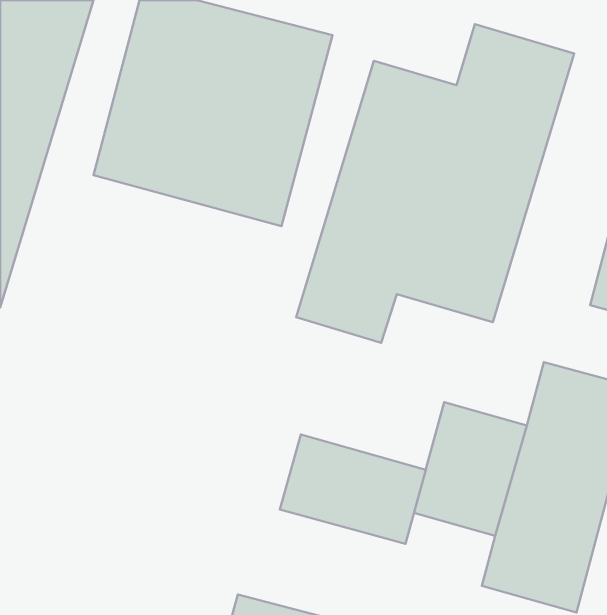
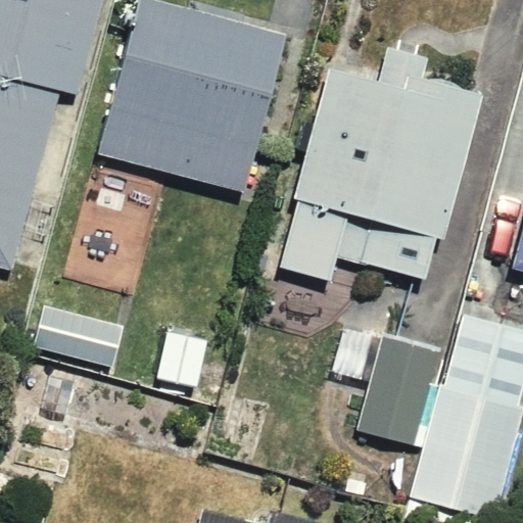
building: [280,435,426,544] -> none

